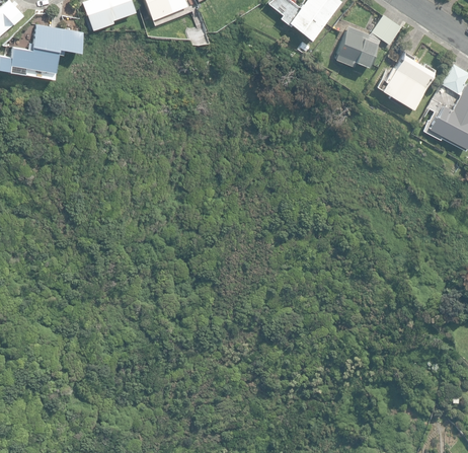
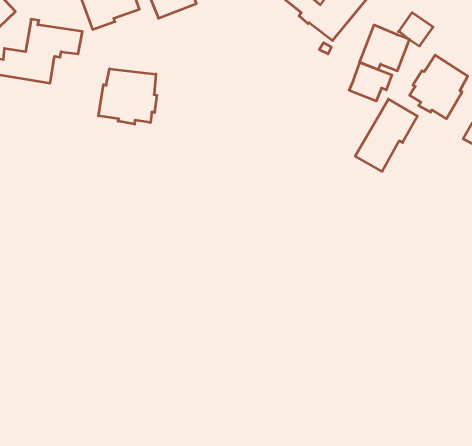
building: none -> [349,62,392,101]
building: none -> [98,69,157,124]
building: none -> [355,99,417,171]

